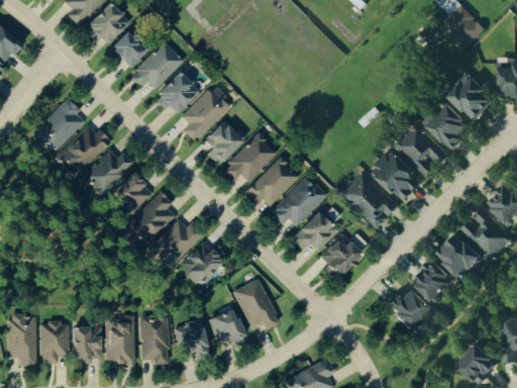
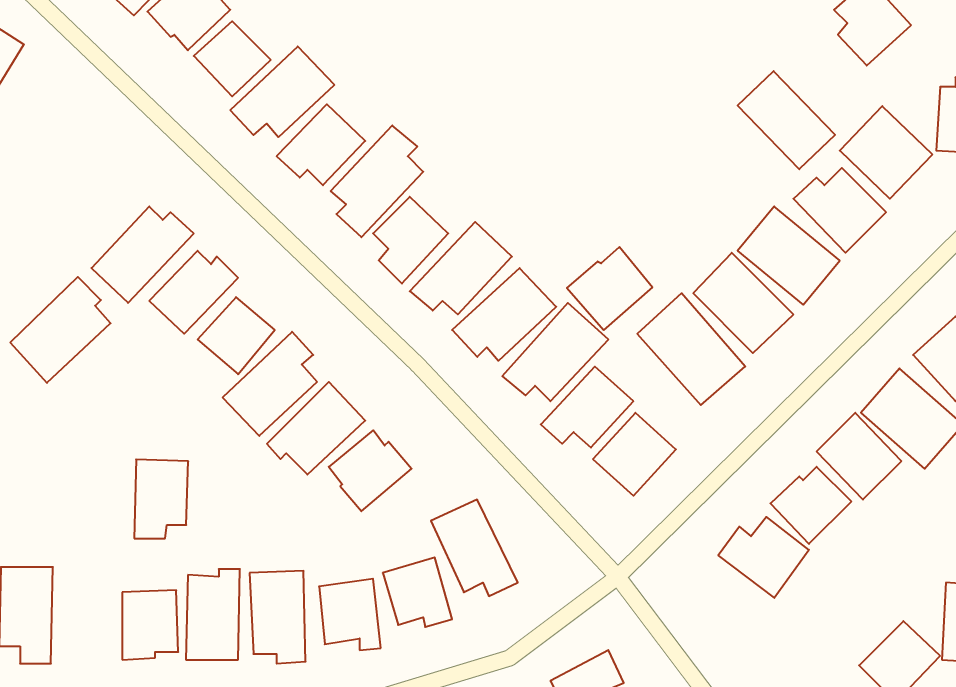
building: none -> [738,71,835,169]
building: [31,98,84,154] -> [10,277,111,383]
building: none -> [567,247,652,330]
building: [39,322,68,364] -> [134,459,188,538]

